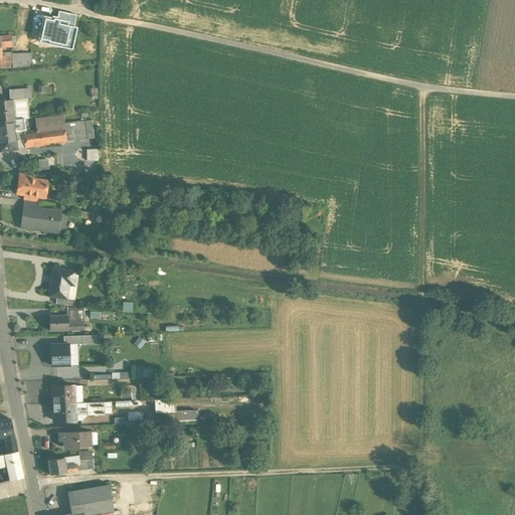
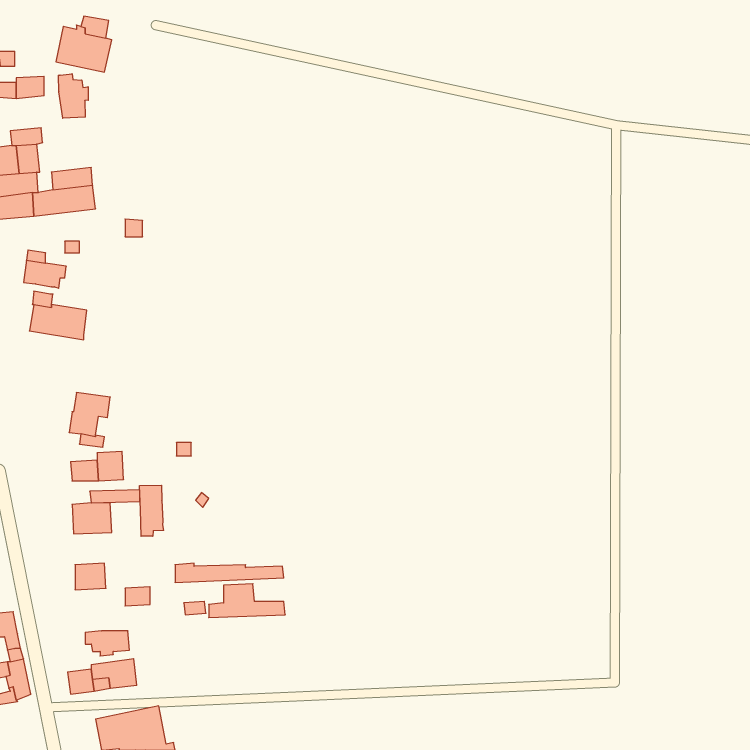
building: none -> [58,74,88,118]
building: [63,125,90,143] -> none
building: none -> [140,485,164,536]
building: [51,402,73,420] -> none

